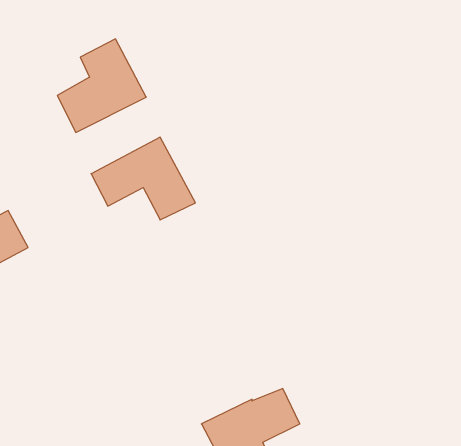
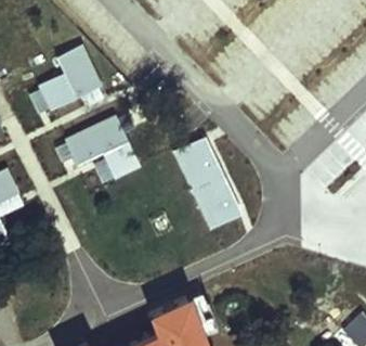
building: none -> [169,140,244,233]

